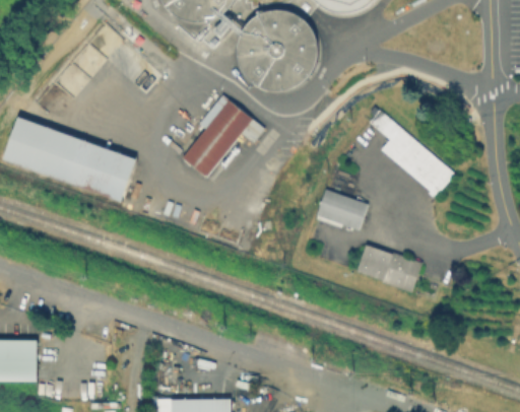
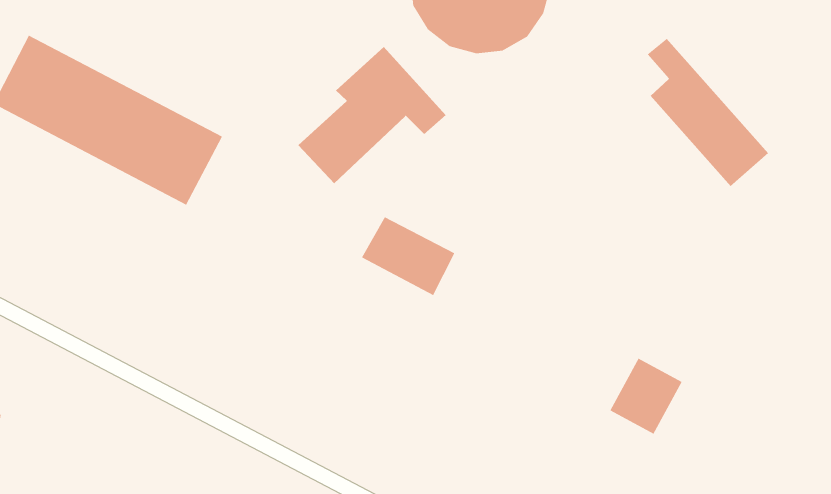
building: [377,116,455,196] -> [647,38,769,187]
building: [316,189,370,230] -> [361,216,455,296]
building: [356,245,395,285] -> none

